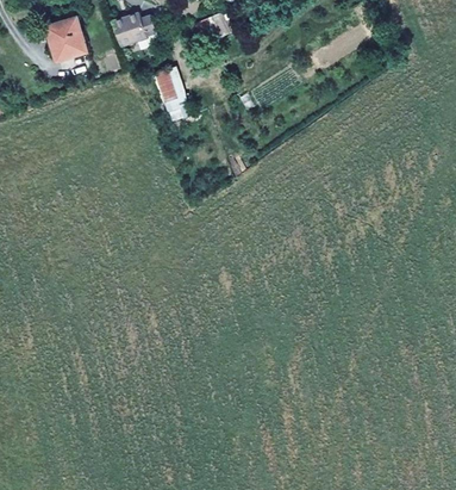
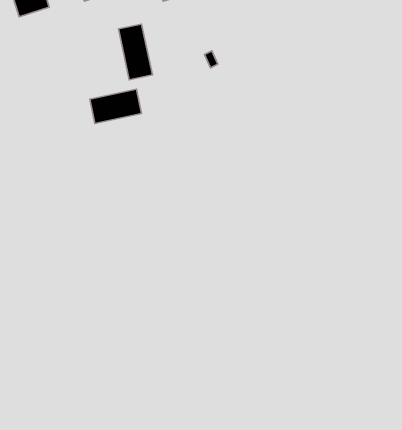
building: none -> [90,89,141,124]

